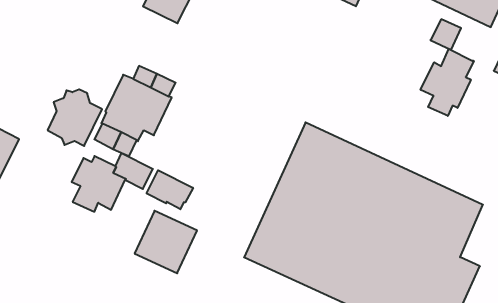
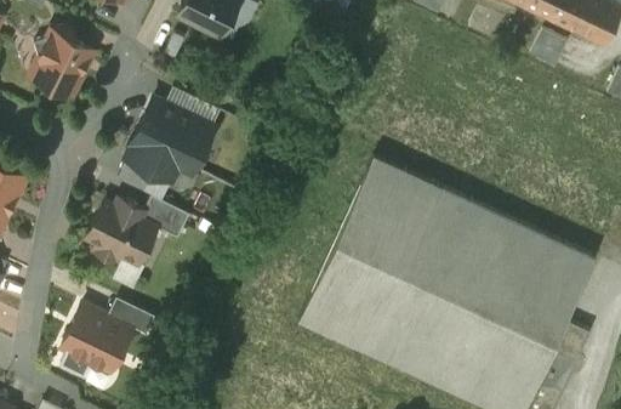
building: [421,49,474,116] -> none
building: [48,89,102,146] -> [25,27,92,96]
building: [147,170,193,209] -> none
building: [135,211,197,273] -> [57,297,133,374]

